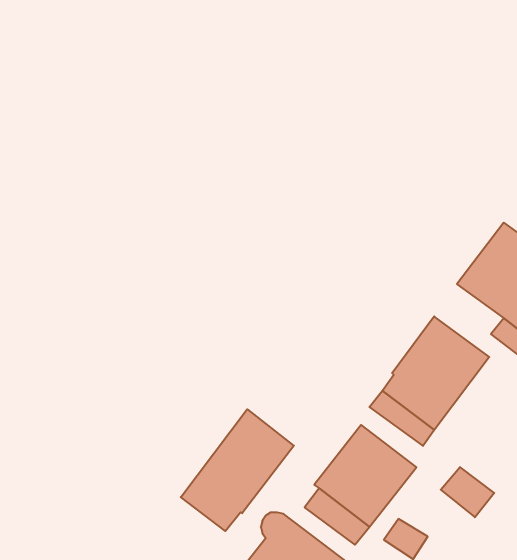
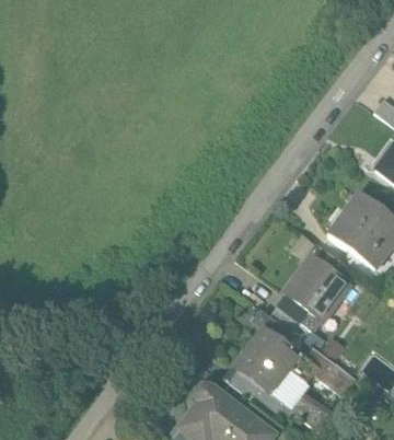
building: [181,409,294,531] -> none

